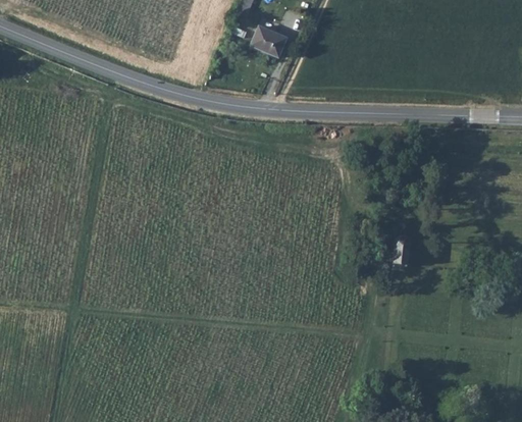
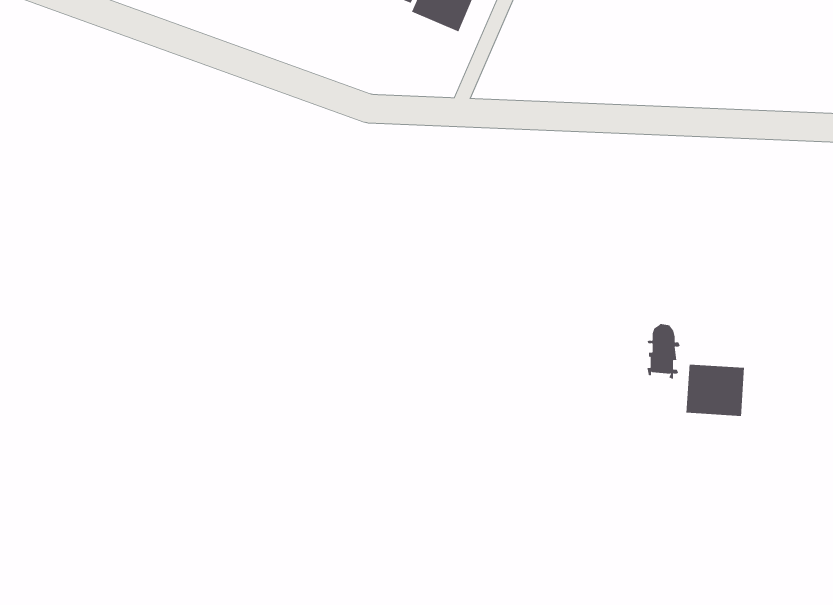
building: none -> [686,364,745,417]

